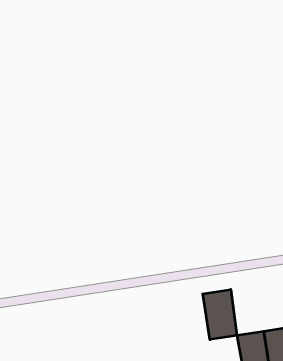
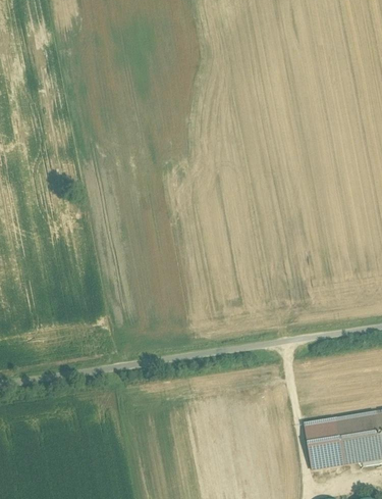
building: [203,289,237,340] -> none

